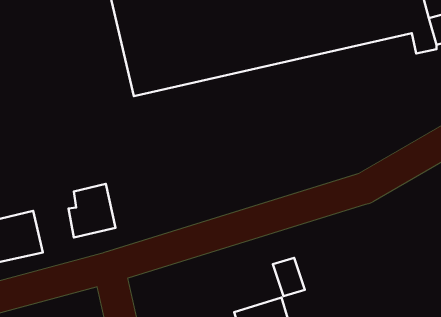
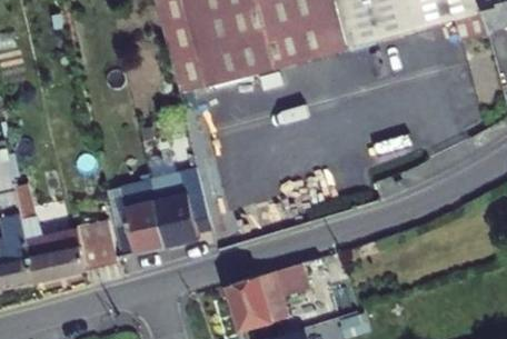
building: none -> [148,172,203,243]
building: none -> [76,219,118,269]
building: none -> [226,255,322,331]

